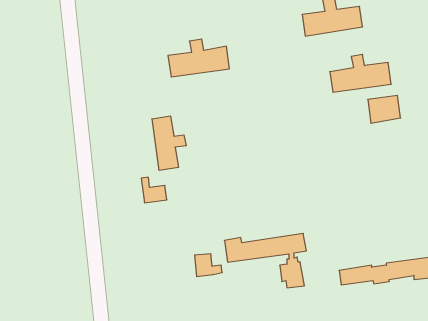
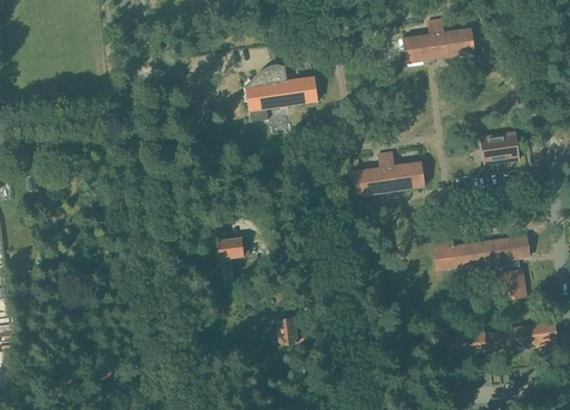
building: [330,54,391,92] -> [353,151,425,195]
building: [152,116,186,170] -> none
building: [224,233,306,288] -> [433,235,529,299]

